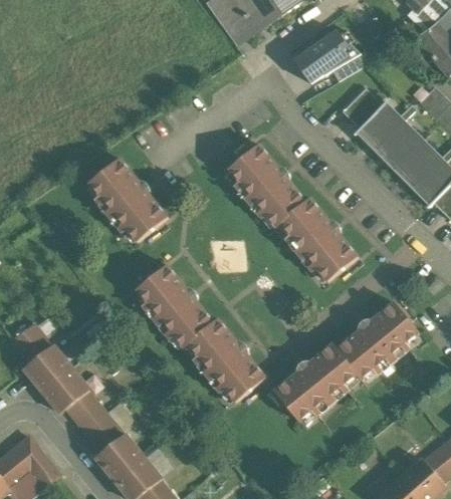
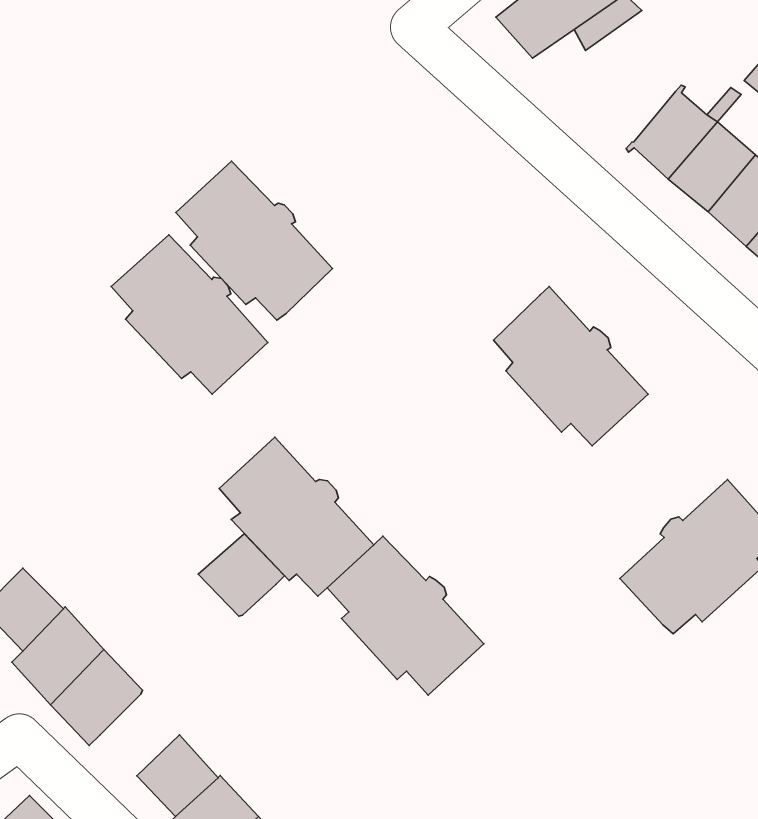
building: [341,86,382,129] -> none
building: [228,145,305,227] -> [176,161,333,320]
building: none -> [198,534,285,616]
building: [273,344,356,421] -> none
building: [66,391,106,432] -> none

